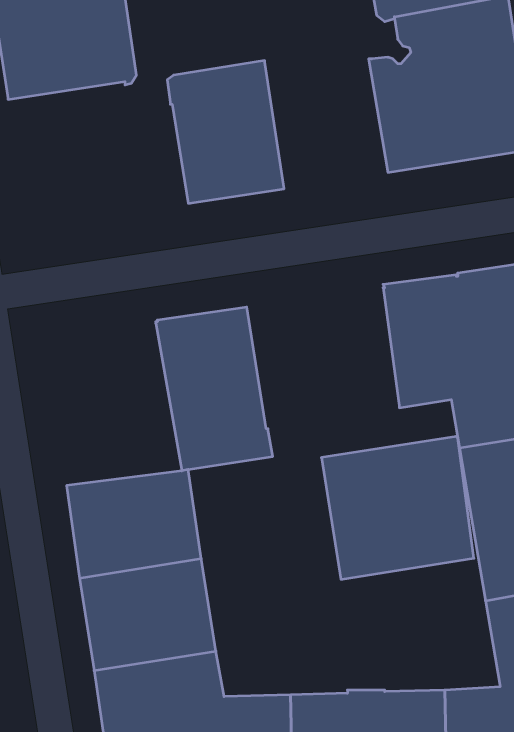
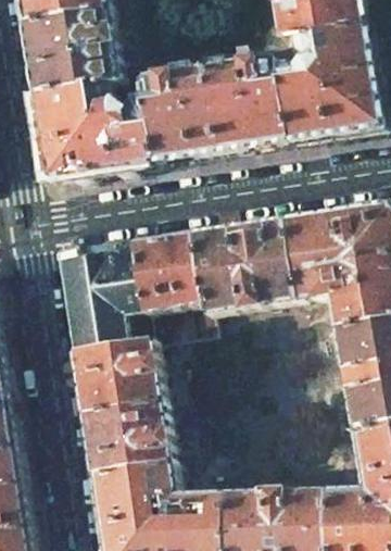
building: none -> [201,57,283,153]
building: none -> [29,82,150,179]
building: none -> [53,243,146,352]
building: [321,436,474,579] -> [189,218,291,314]

